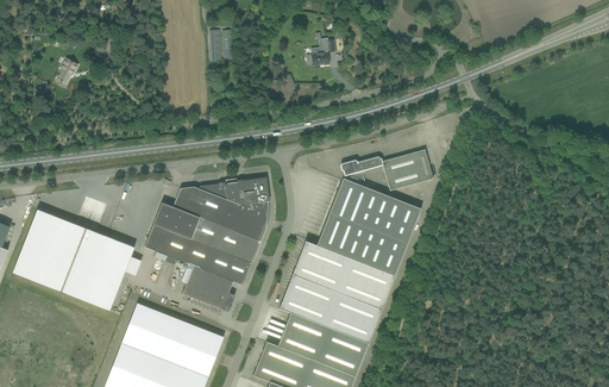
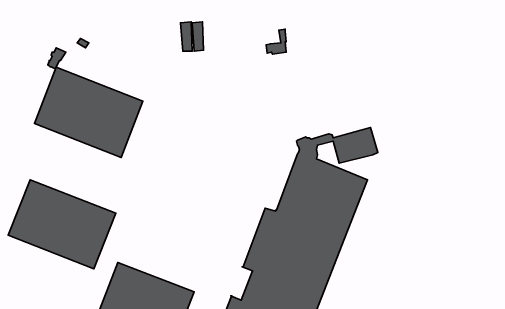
building: none -> [35,67,143,157]
building: [152,177,268,311] -> none

